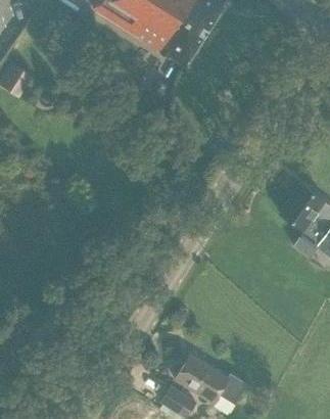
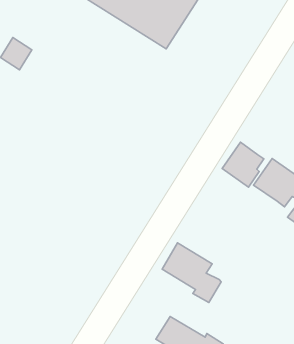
building: none -> [222,142,264,187]
building: none -> [162,243,221,303]

